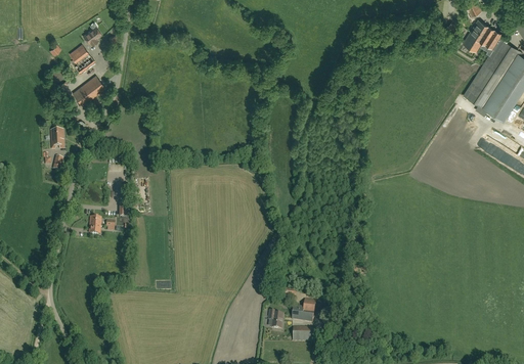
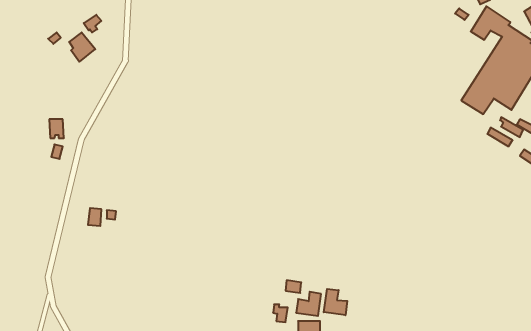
building: [73,76,106,106] -> none
building: none -> [324,289,347,315]

